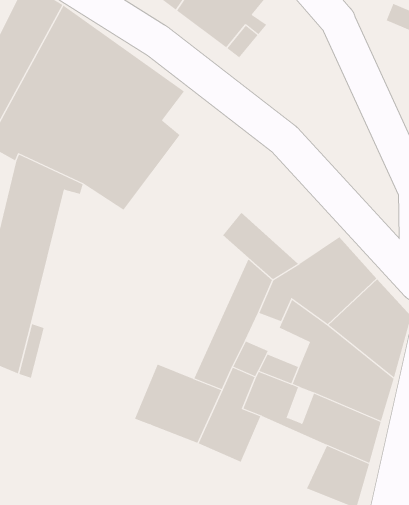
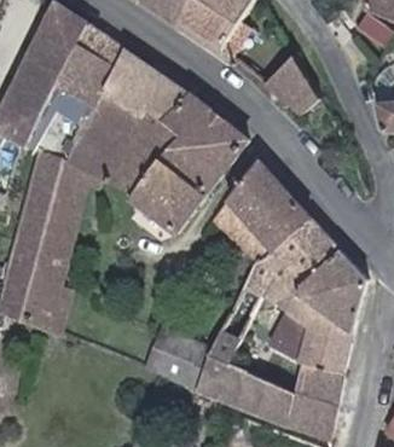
building: none -> [263,60,323,120]
building: none -> [134,93,248,228]
building: none -> [232,156,314,237]
building: none -> [232,364,303,424]

